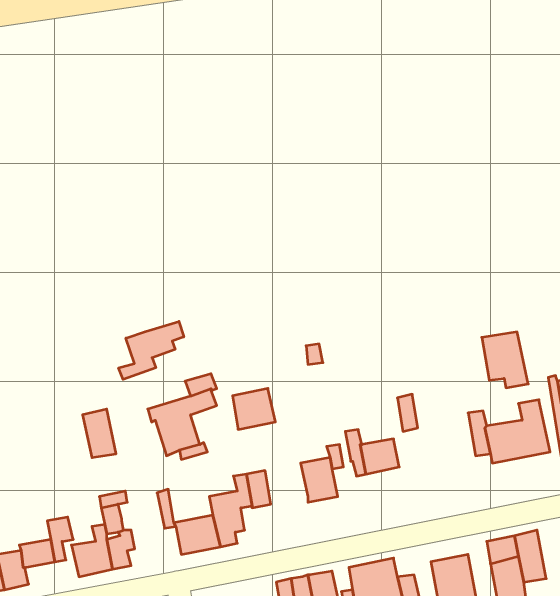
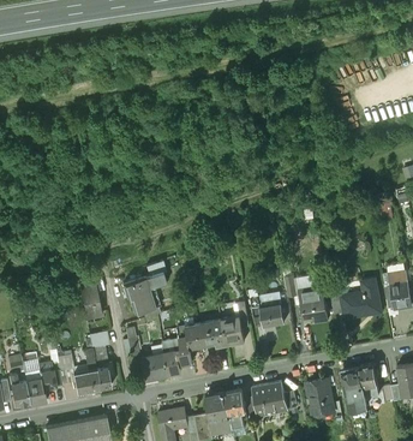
building: [119,321,184,379] -> none
building: [482,332,528,388] -> [299,288,329,324]
building: [233,388,275,429] -> [198,320,226,346]

